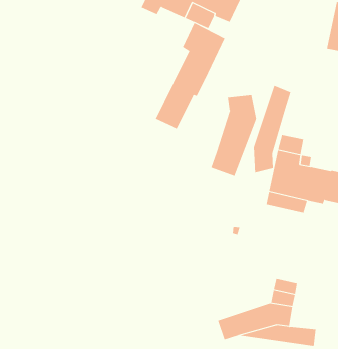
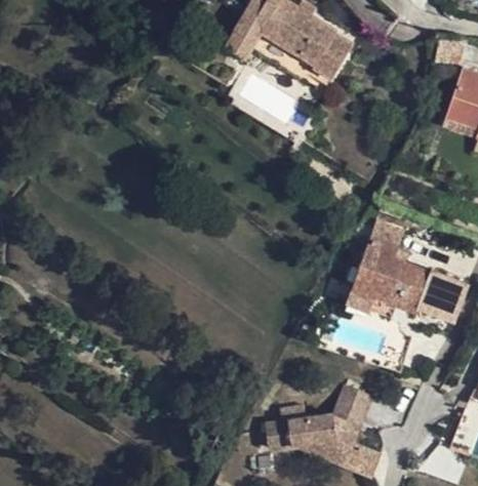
building: [155,22,225,130] -> none
building: [253,85,291,173] -> none
building: [211,94,257,176] -> none

